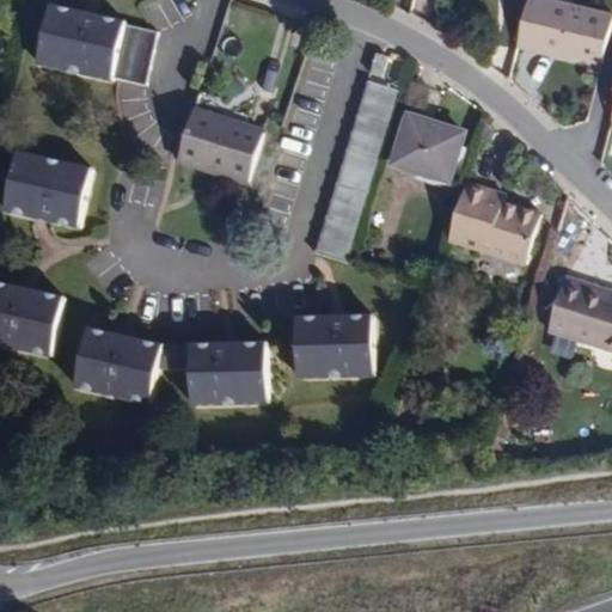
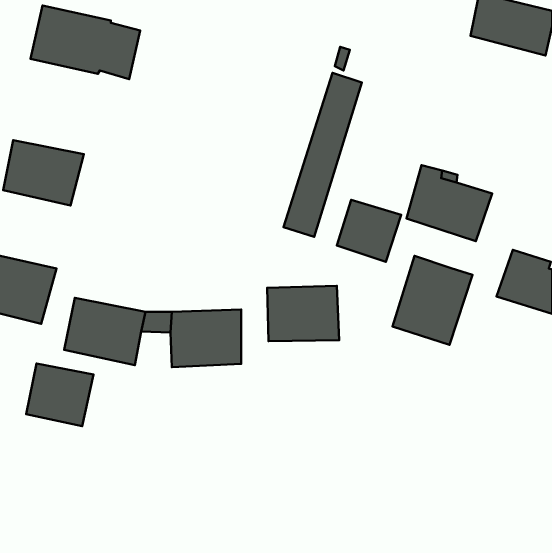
building: [178,110,263,180] -> none
building: [392,114,463,182] -> [337,200,401,262]
building: none -> [392,256,473,345]
building: none -> [26,363,94,426]

